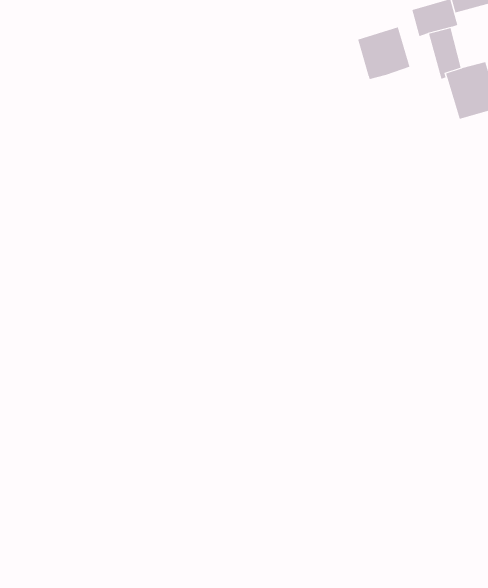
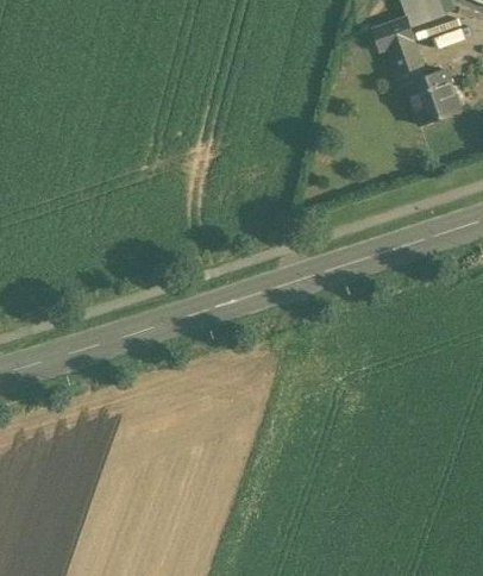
building: [357,26,410,80] -> none

